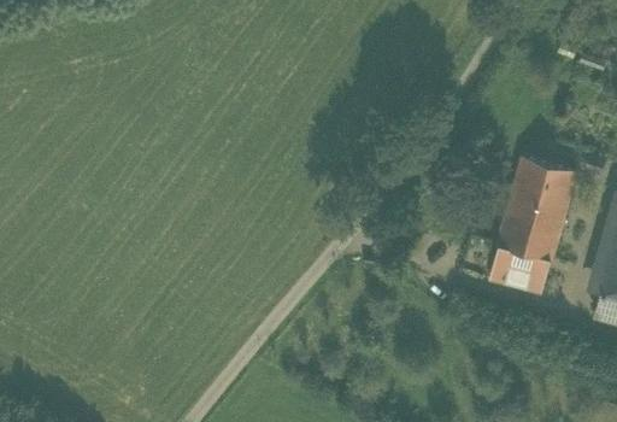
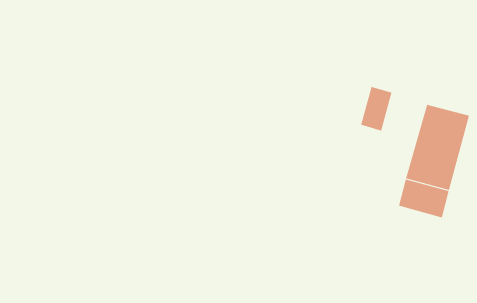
building: none -> [360,86,392,131]

